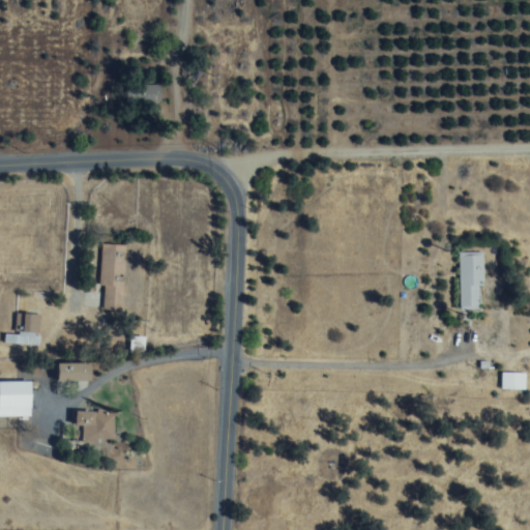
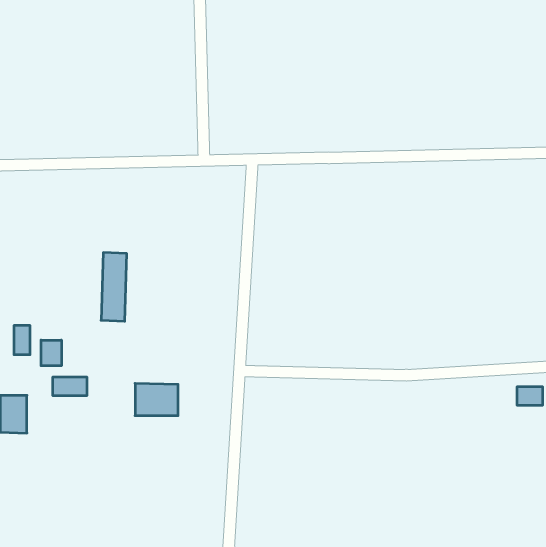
building: [460,252,483,310] -> none
building: none -> [41,340,61,366]
building: [71,412,113,443] -> [135,383,178,416]

